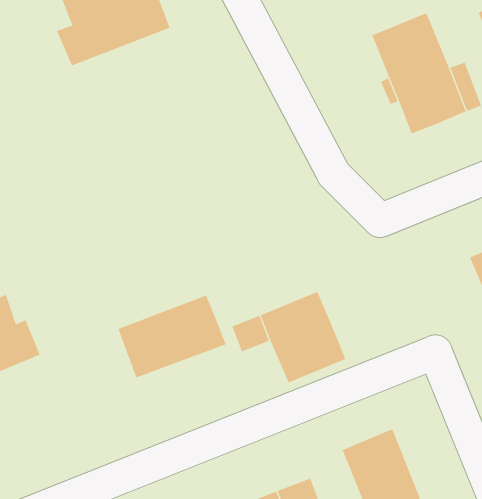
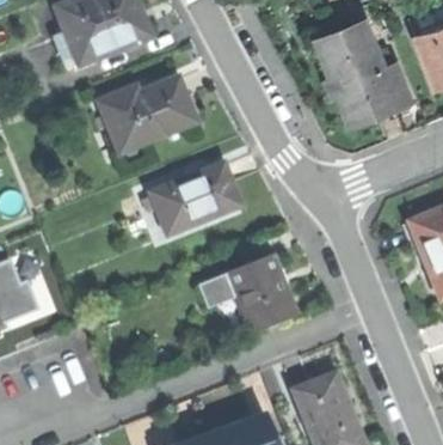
building: none -> [98,77,193,161]
building: [117,295,226,378] -> [148,163,240,233]

